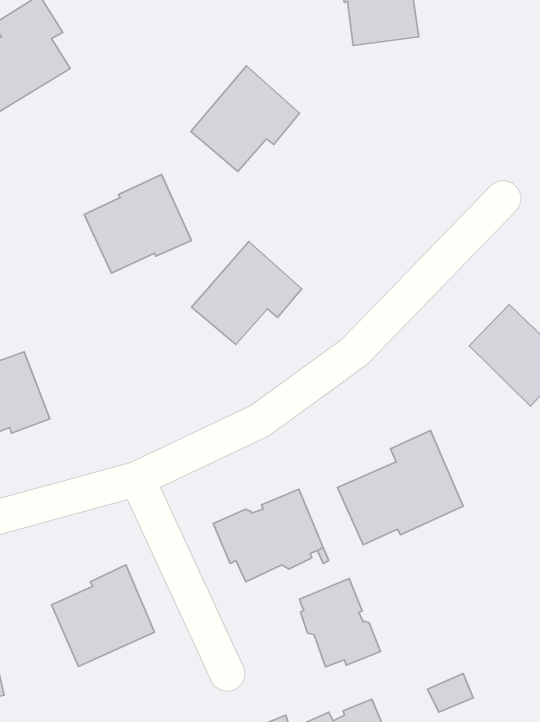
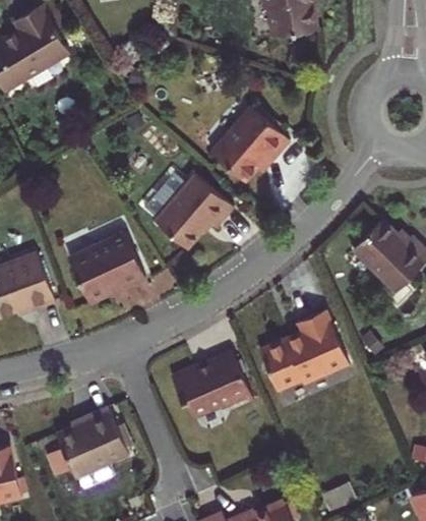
building: [191,66,299,172] -> [211,108,289,183]
building: [84,175,192,273] -> [69,233,145,303]
building: [300,579,380,667] -> none

